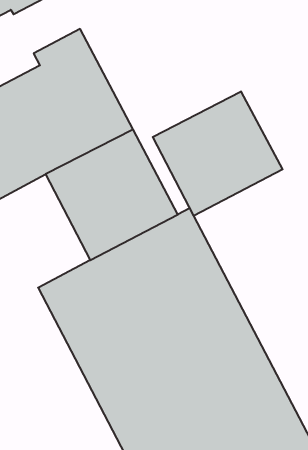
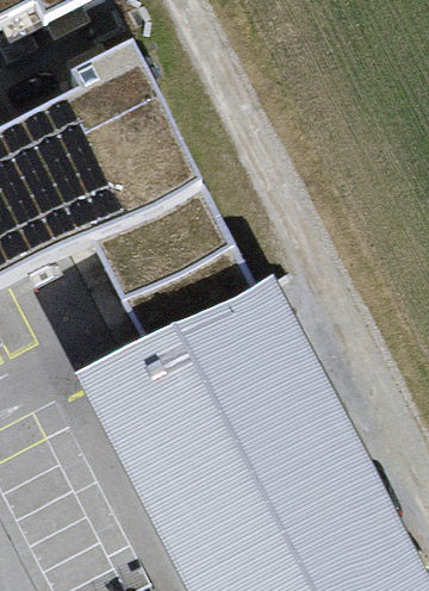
building: [153,91,283,216] -> none

